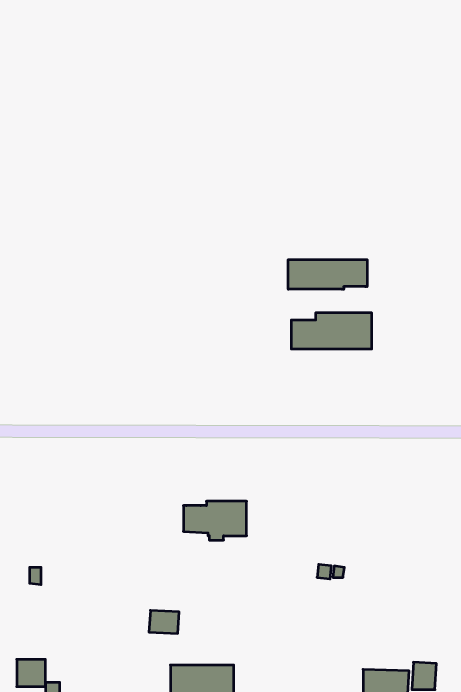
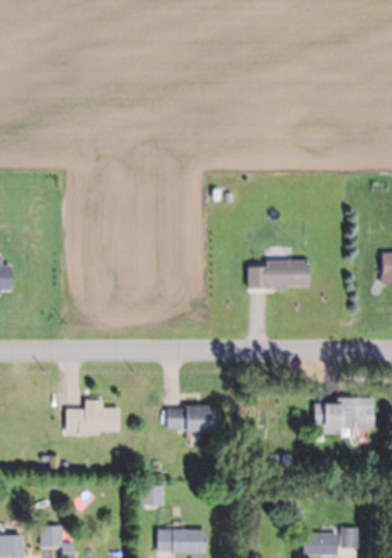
building: [288,260,367,289] -> none
building: none -> [65,400,119,437]
building: none -> [322,404,372,434]

